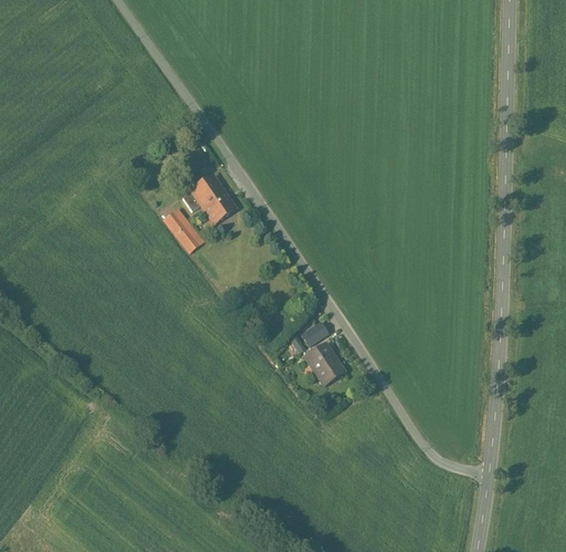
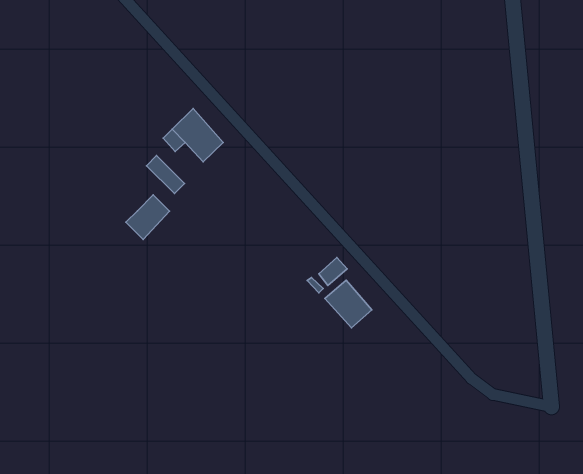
building: none -> [126,195,169,239]

